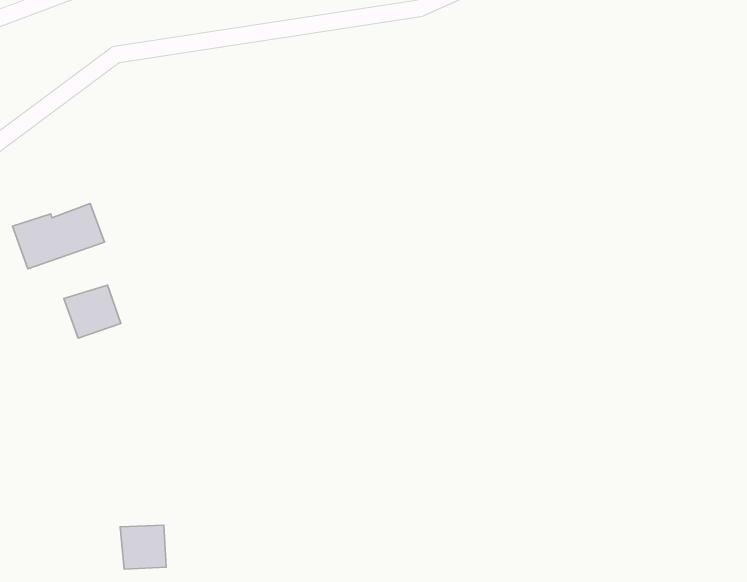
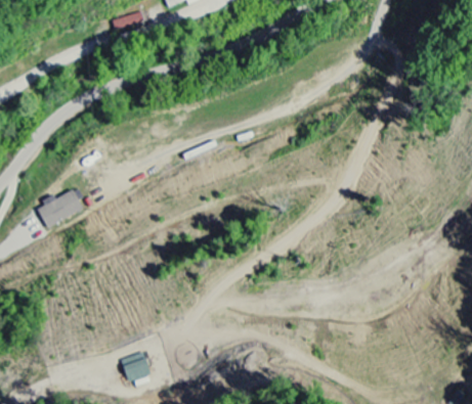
building: [64,285,121,338] -> none

